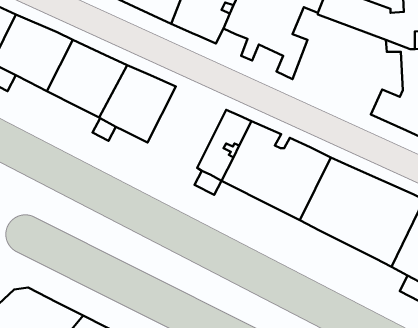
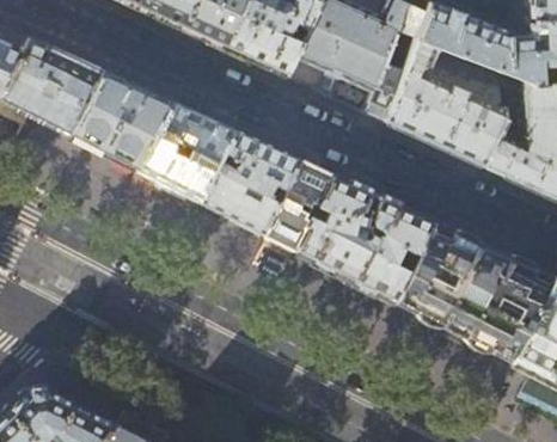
building: none -> [387,41,509,168]
building: none -> [202,133,302,237]

